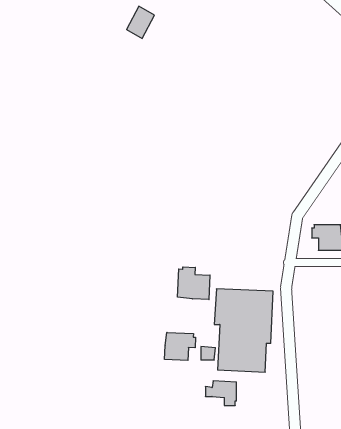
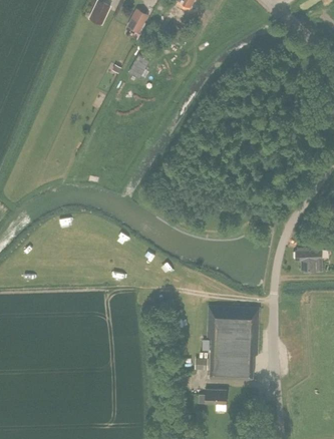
building: [178,267,210,300] -> none
building: [165,332,195,360] -> none

